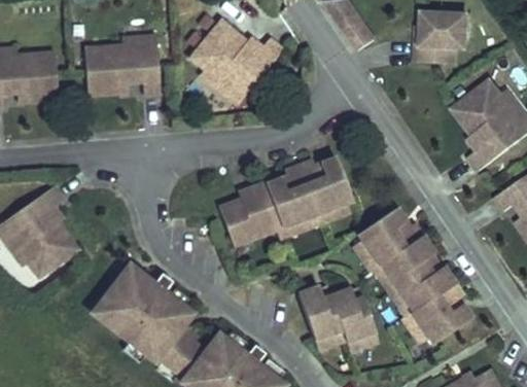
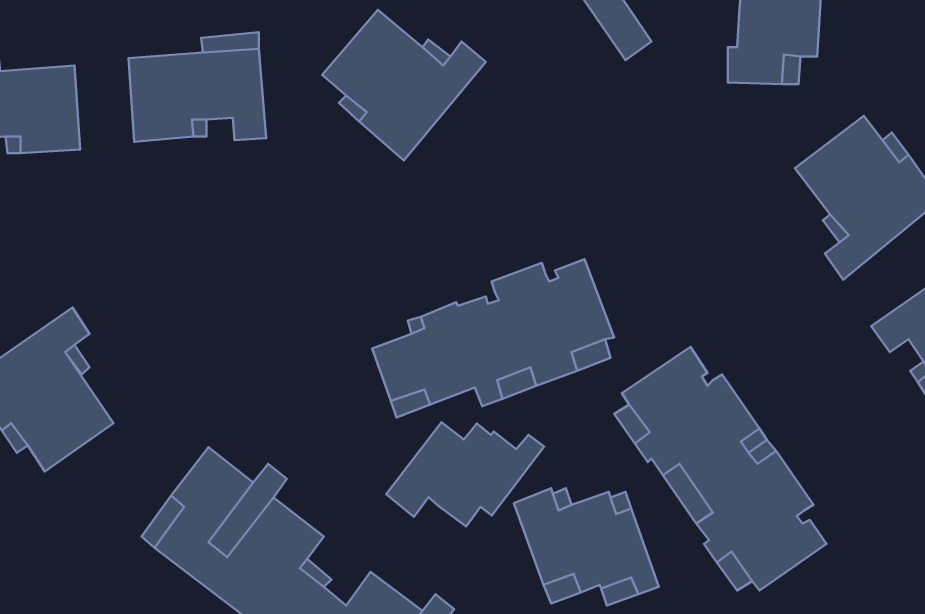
building: none -> [386,422,544,527]

